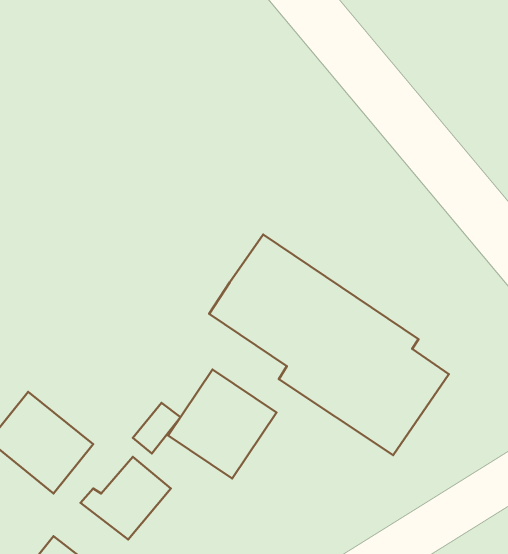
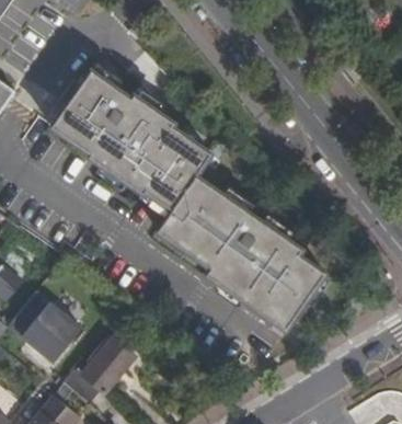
building: none -> [51,75,213,214]
building: [168,370,277,479] -> none

